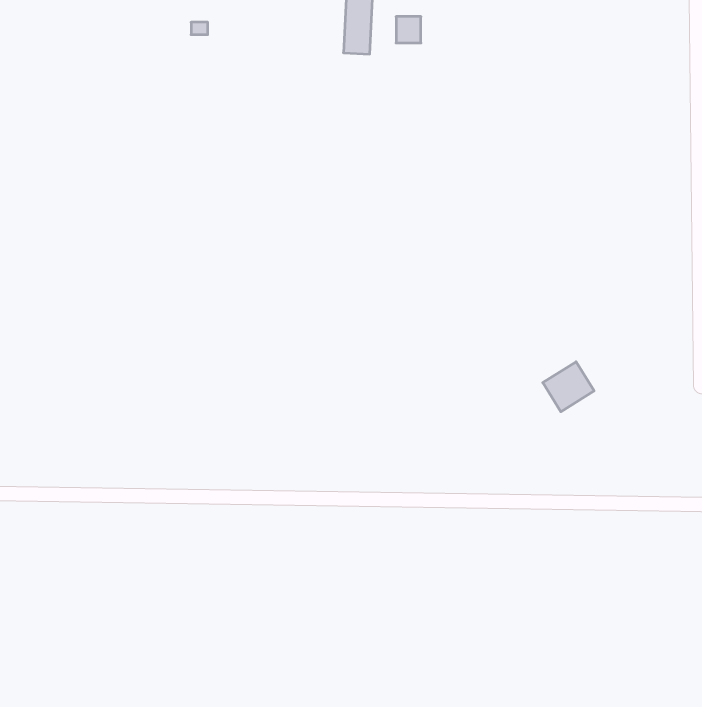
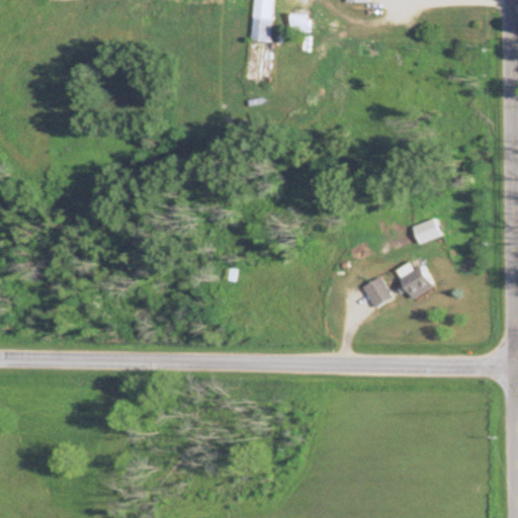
building: none -> [412,218,440,243]
building: none -> [364,276,392,307]

